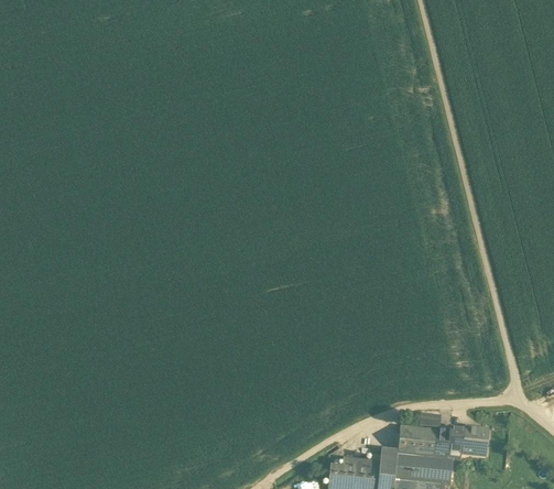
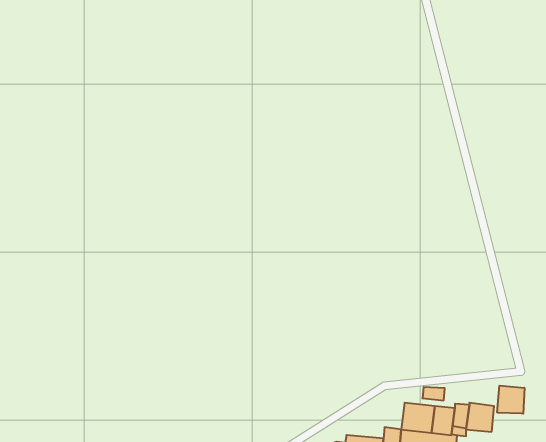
building: none -> [497,386,524,414]

